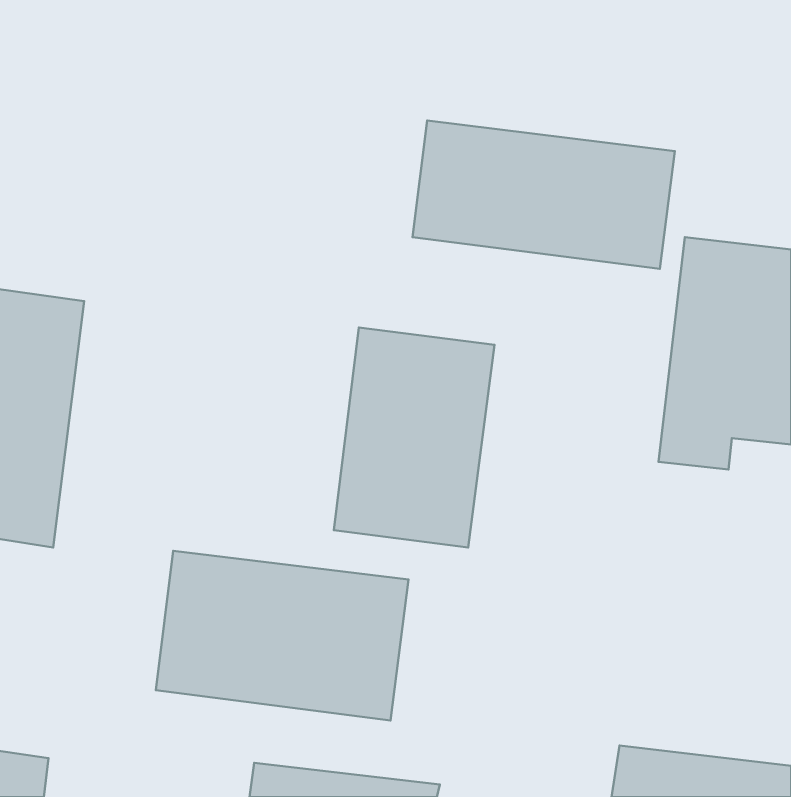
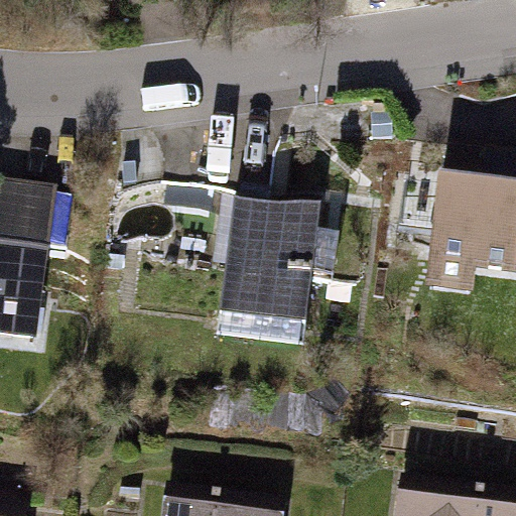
building: [413,121,675,269] -> none
building: [156,551,408,720] -> none

